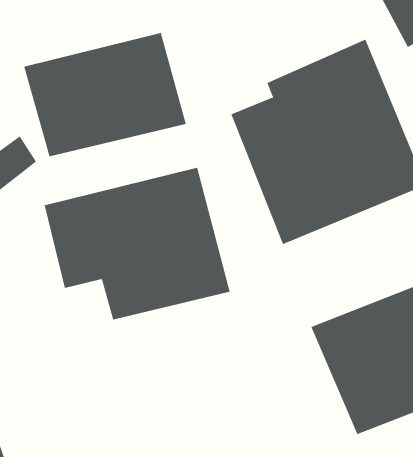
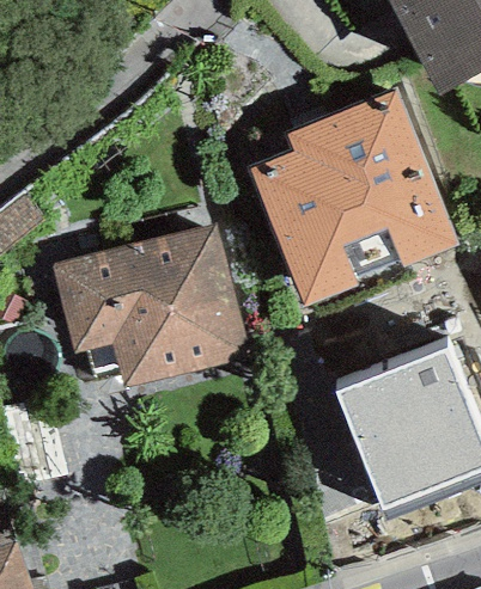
building: [24,32,186,157] -> none

